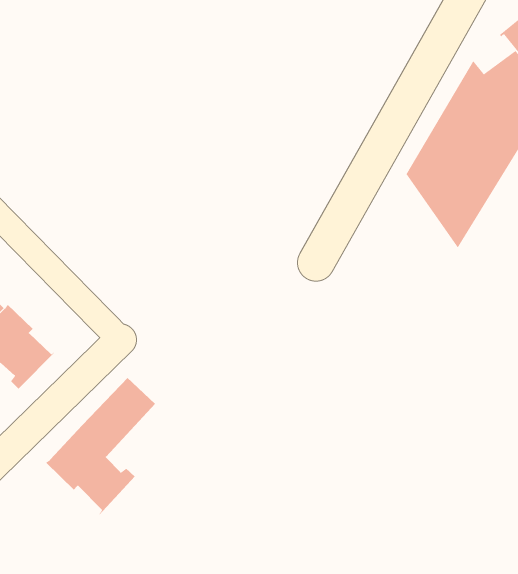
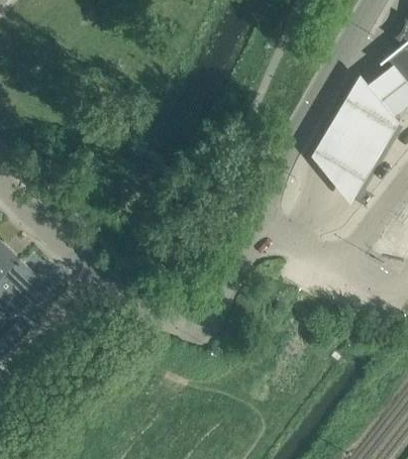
building: [45,377,156,516] -> none

